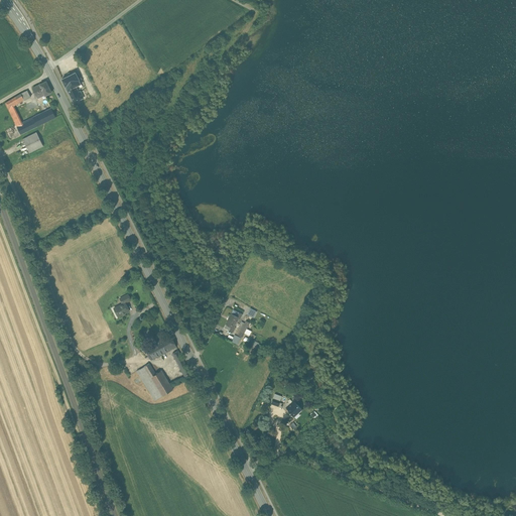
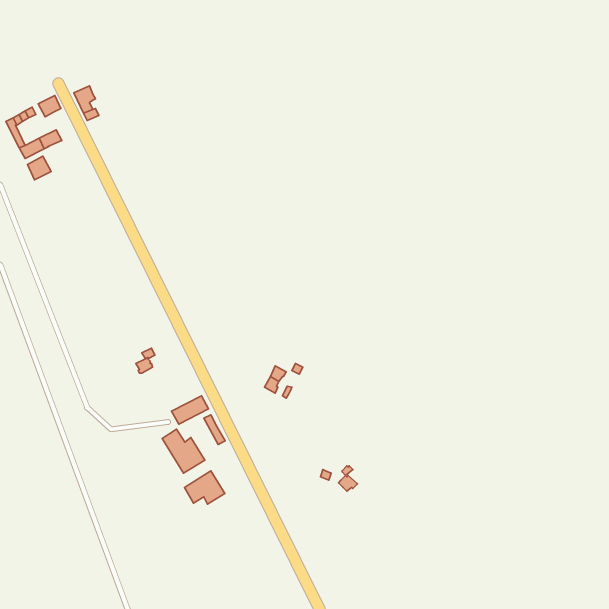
building: none -> [184,471,225,504]

